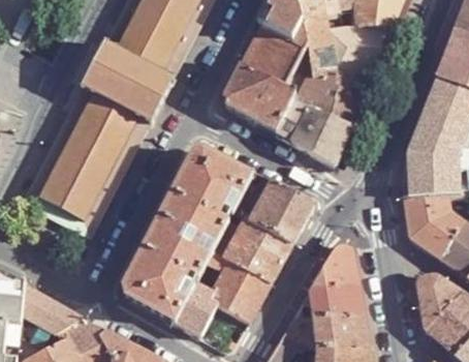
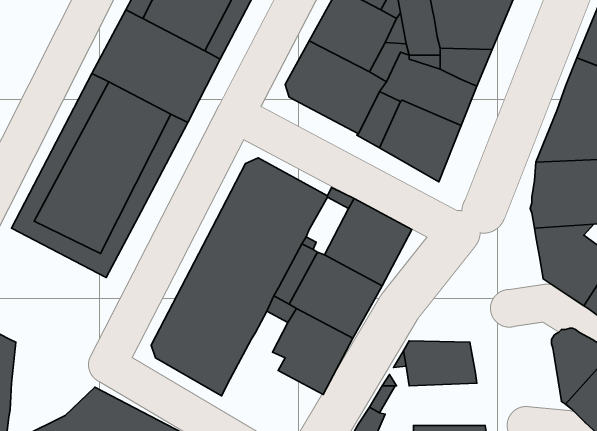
building: [313,243,357,283] -> none
building: [176,281,222,336] -> none
building: [20,283,83,342] -> none
building: [313,313,369,344] -> none

